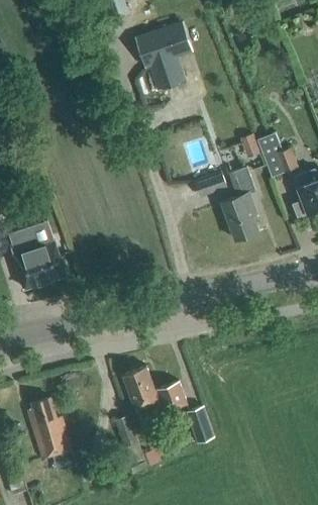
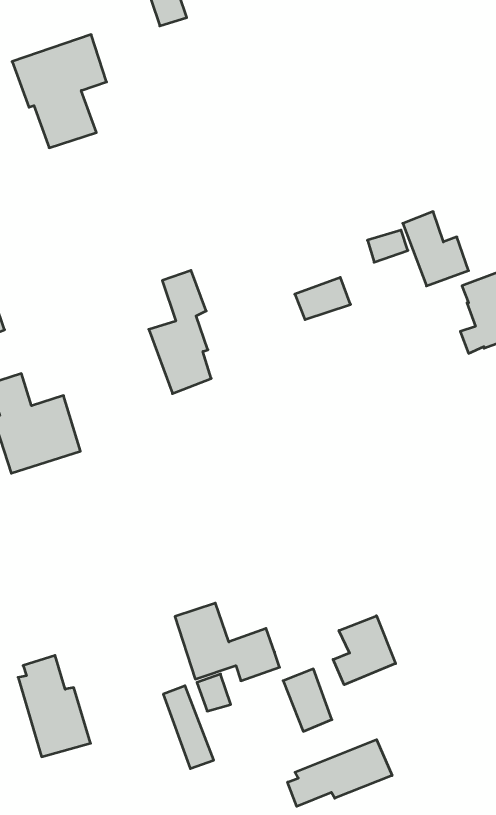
building: [134,21,191,89] -> [12,35,107,148]
building: [220,167,257,240] -> [149,270,211,394]
building: none -> [333,616,396,685]
building: none -> [288,740,392,806]

